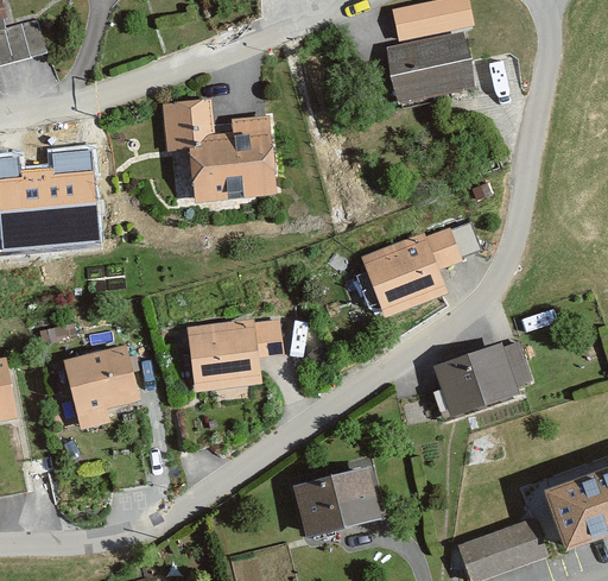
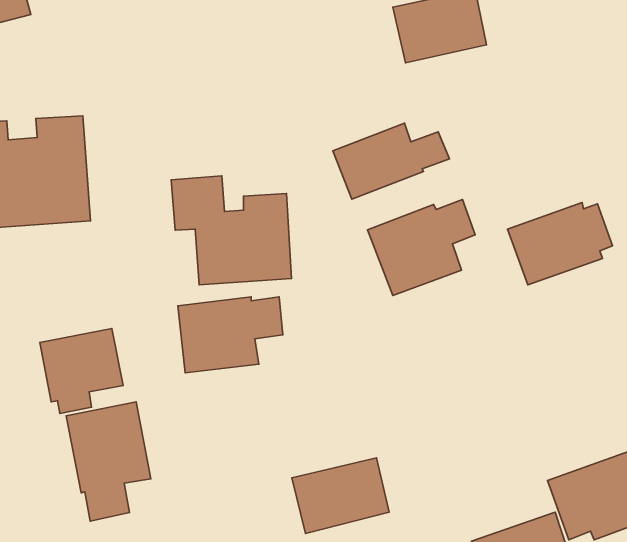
building: [163,97,276,200] -> [171,176,291,285]
building: none -> [333,123,449,199]
building: [435,341,533,418] -> [508,203,613,285]
building: none -> [66,402,151,521]

